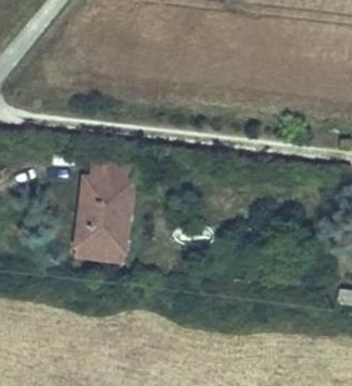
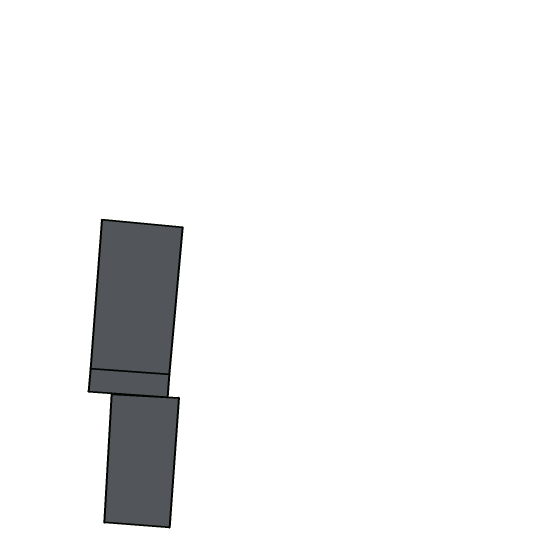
building: none -> [104,394,179,528]

